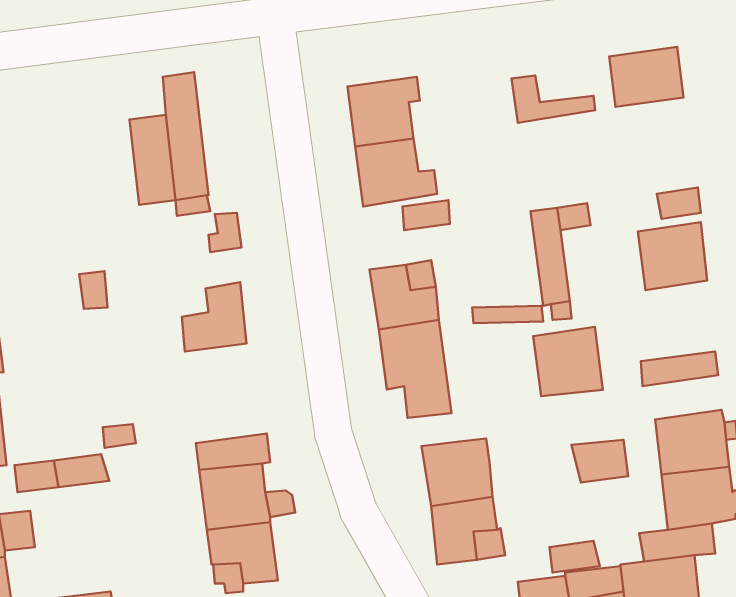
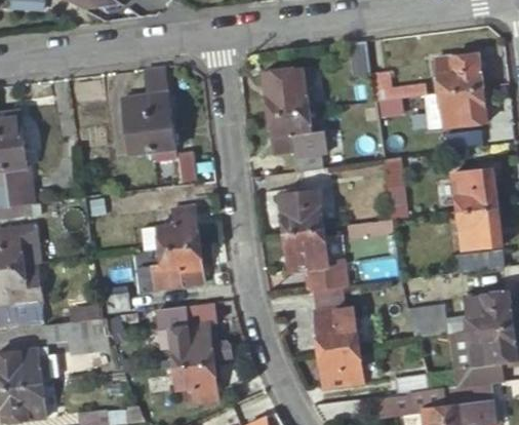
building: none -> [438,85,487,128]
building: [533,327,603,396] -> [457,204,503,249]
building: none -> [151,245,203,288]

